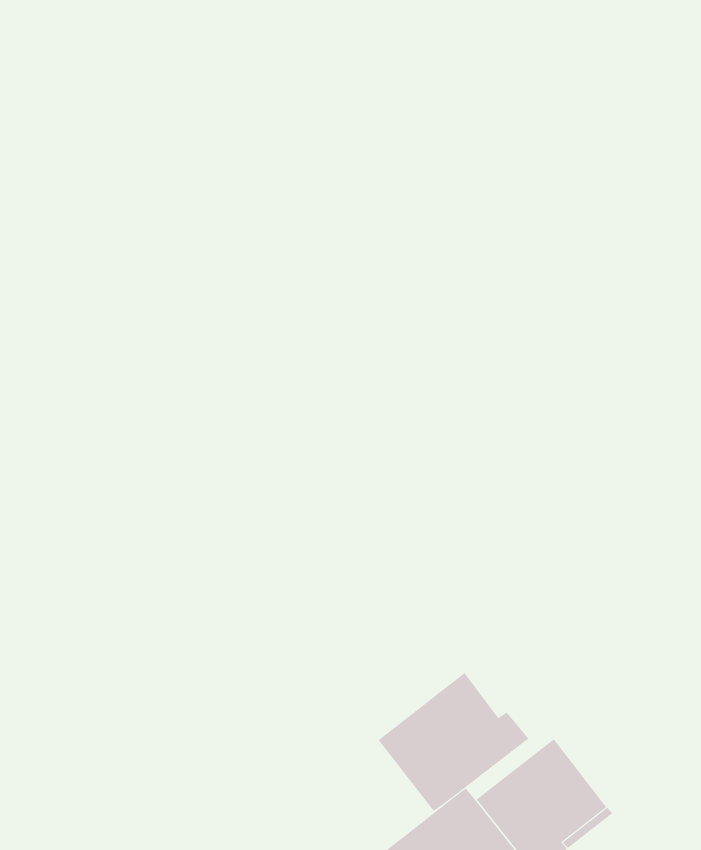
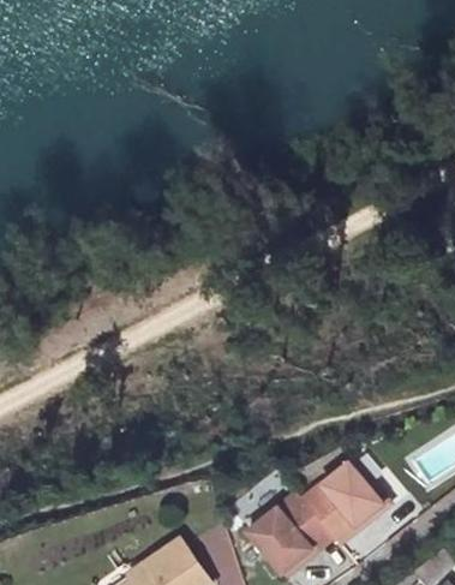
building: [378,672,529,812] -> none

